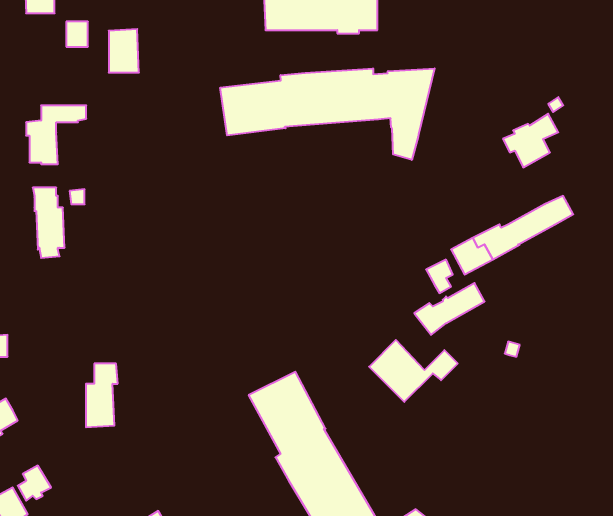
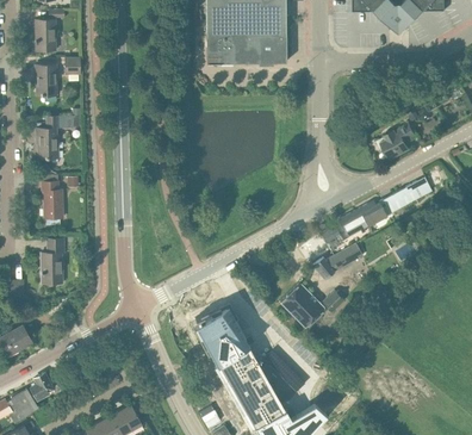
building: [109,29,139,73] -> [36,64,57,95]
building: [220,68,435,160] -> none
building: [86,364,118,427] -> [42,238,64,284]

